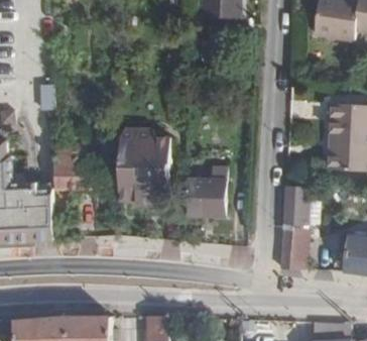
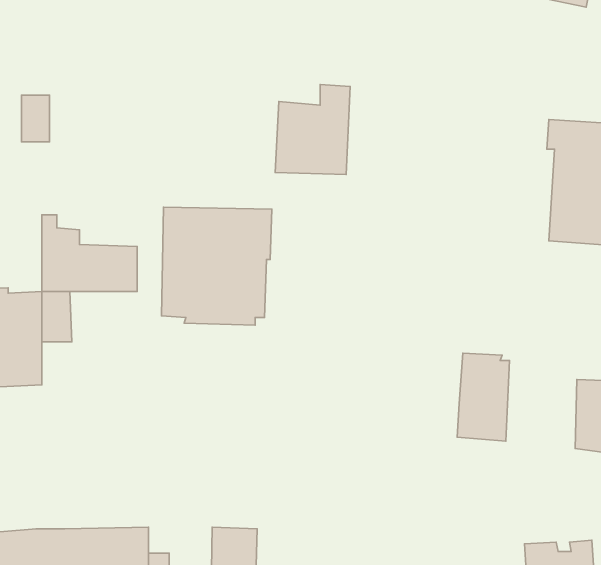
building: [185,169,225,218] -> [275,85,350,174]
building: [281,180,311,224] -> none

